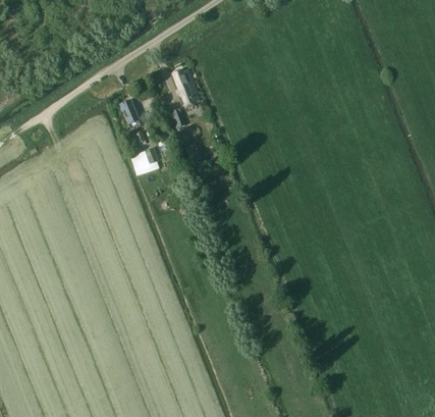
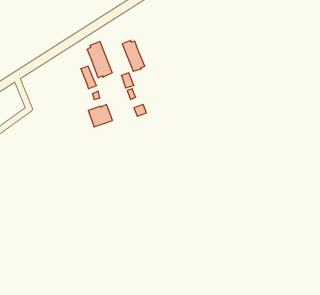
building: none -> [87,41,112,78]

